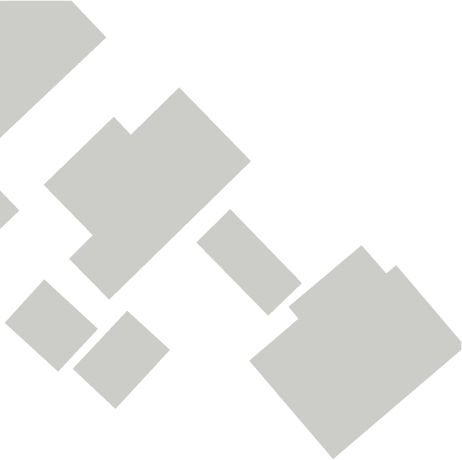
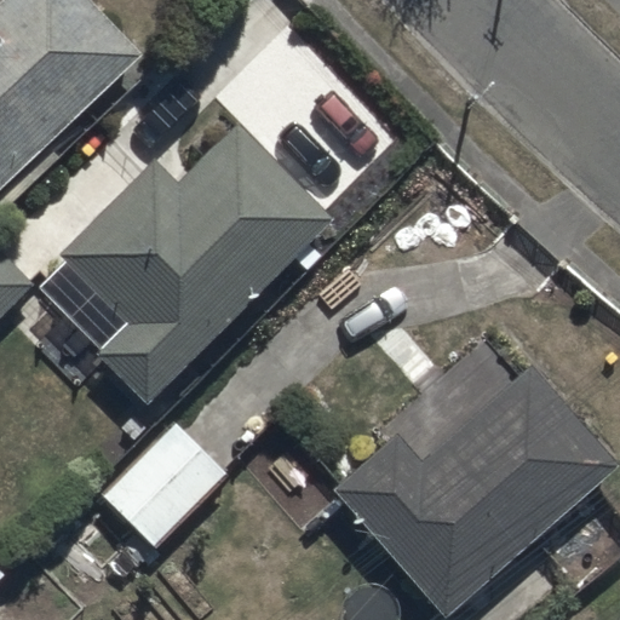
building: [196,208,303,317] -> none
building: [4,278,99,373] -> none

